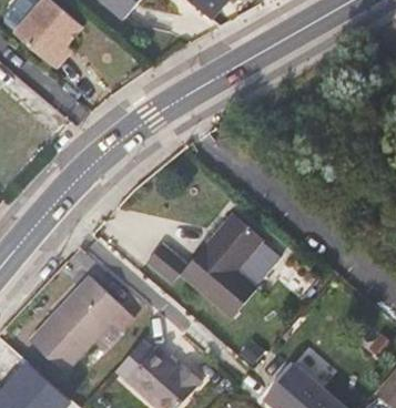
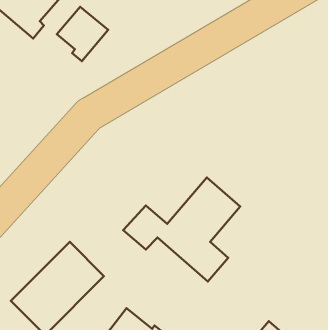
building: none -> [57,7,108,61]

